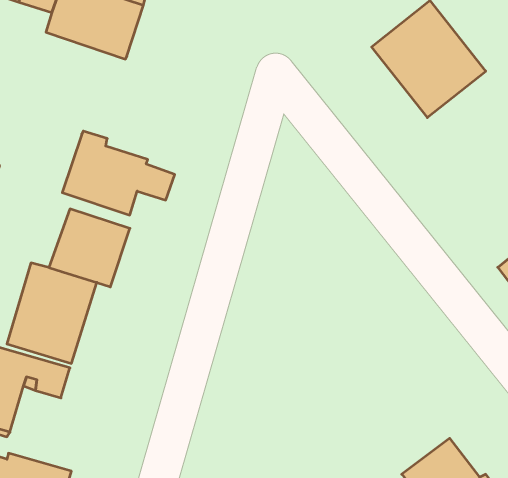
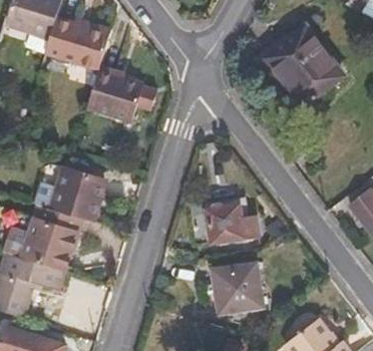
building: [62,131,175,215] -> [86,64,161,120]
building: none -> [204,203,257,243]
building: none -> [210,263,259,323]

